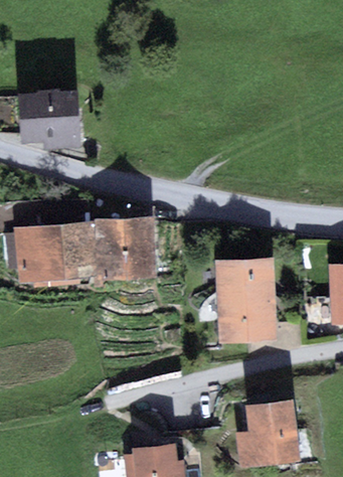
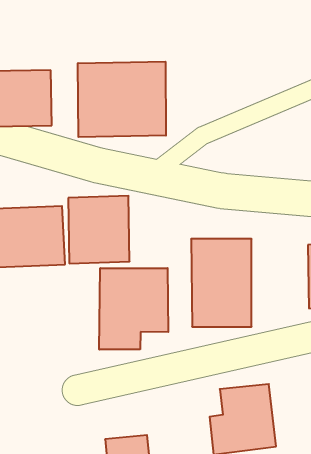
building: none -> [78,62,166,137]
building: none -> [99,268,168,350]

